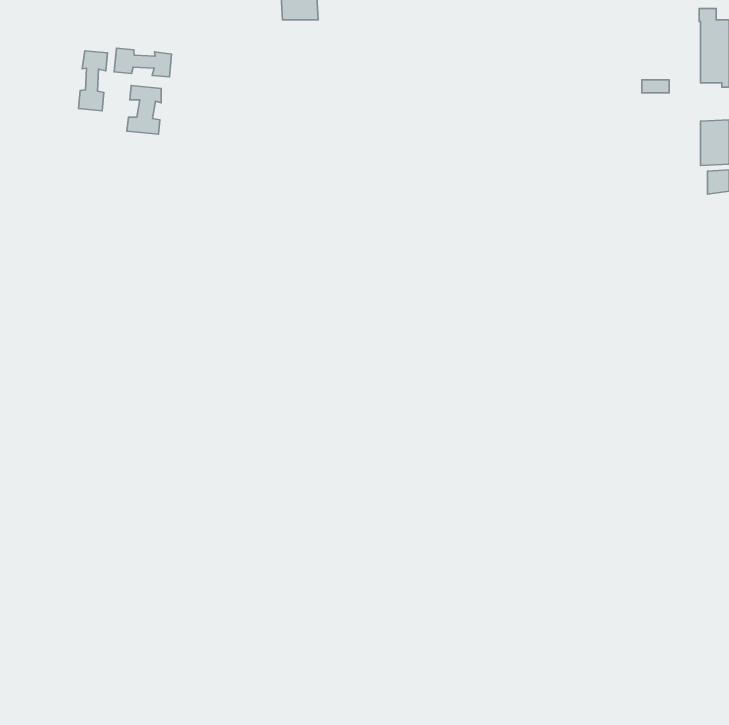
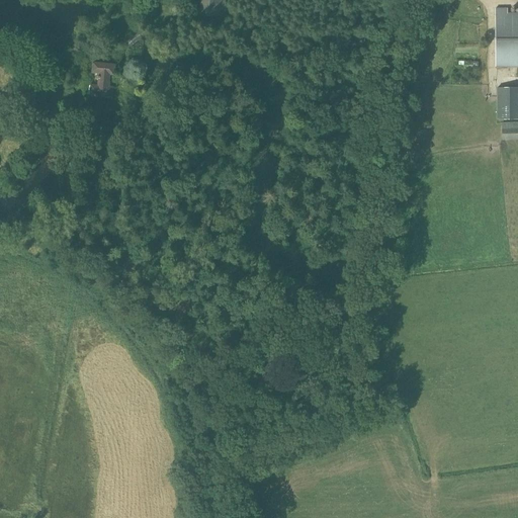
building: [114,48,172,77] -> none
building: [78,51,107,111] -> none

